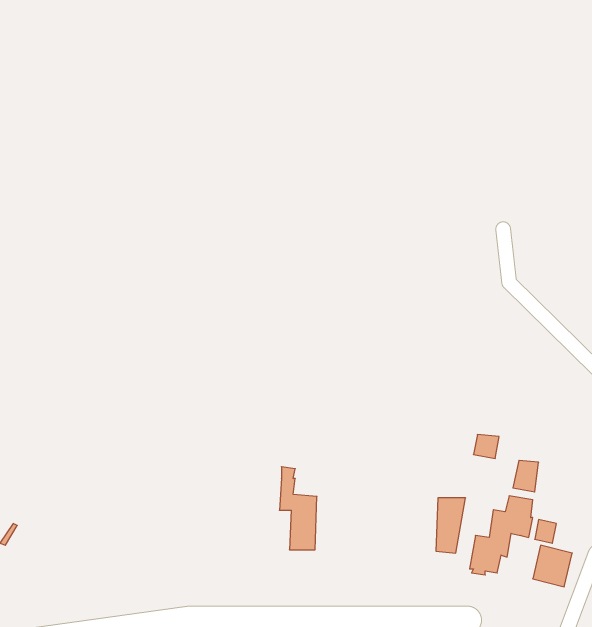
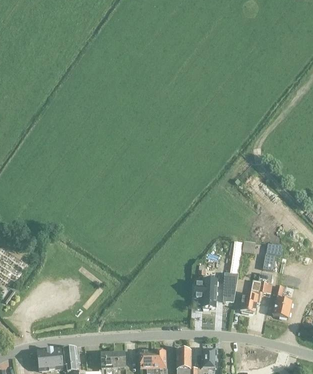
building: [279,467,317,550] -> [196,264,215,306]

